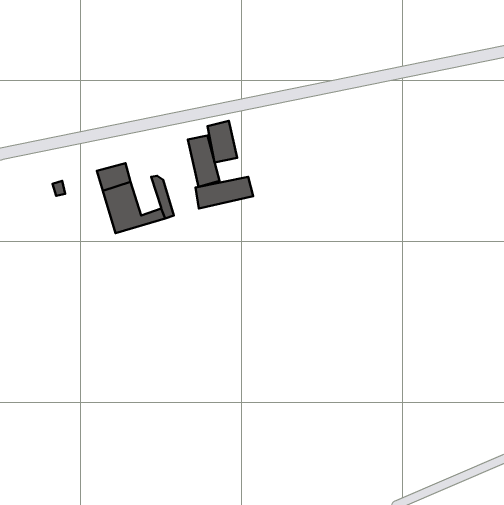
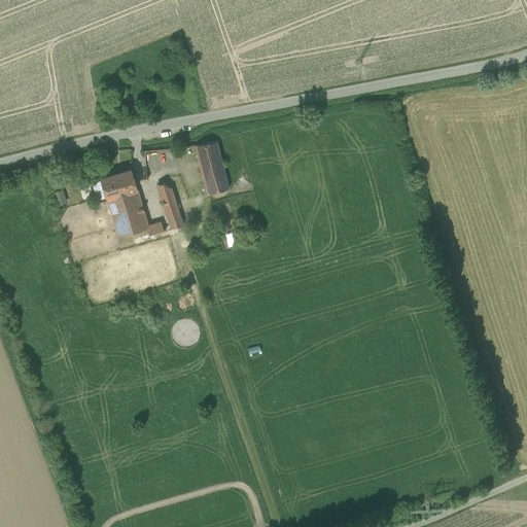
building: [208,121,237,162] -> none
building: [195,177,253,209] -> none

